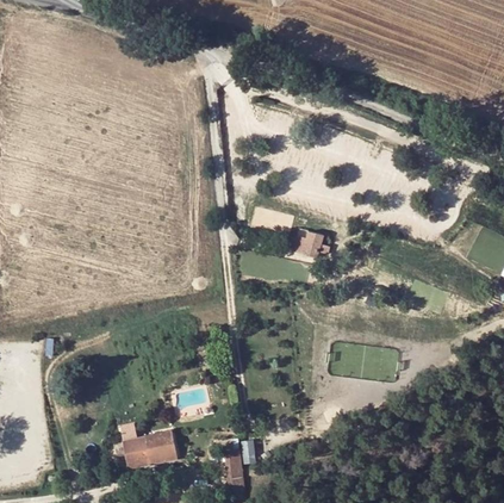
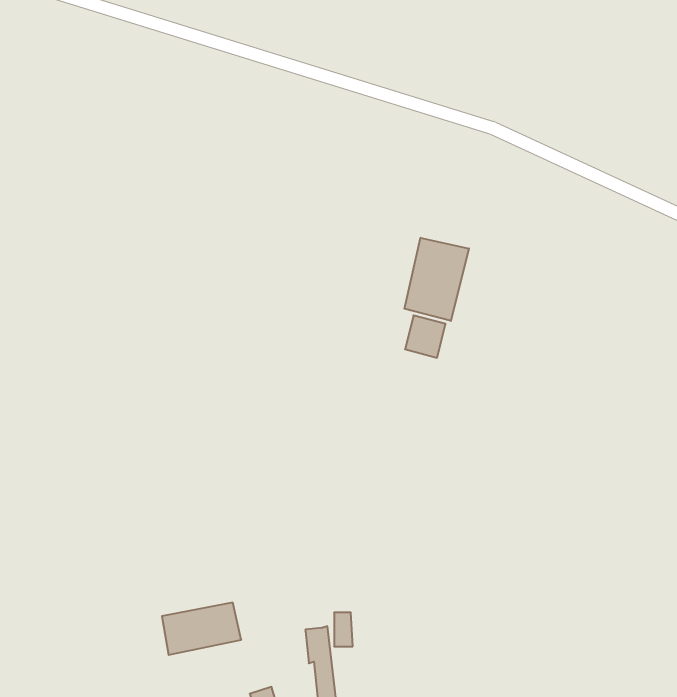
building: none -> [404,238,469,321]

